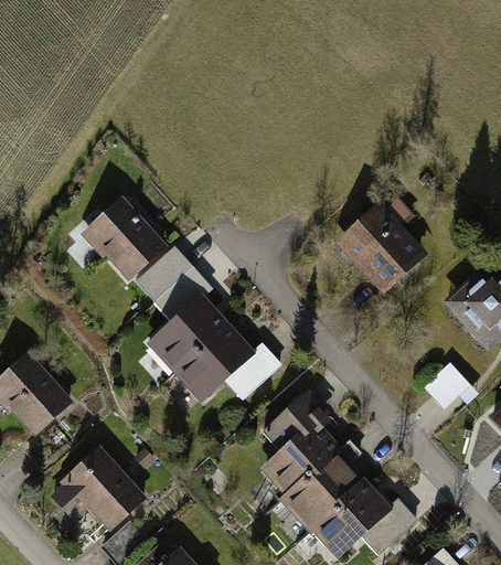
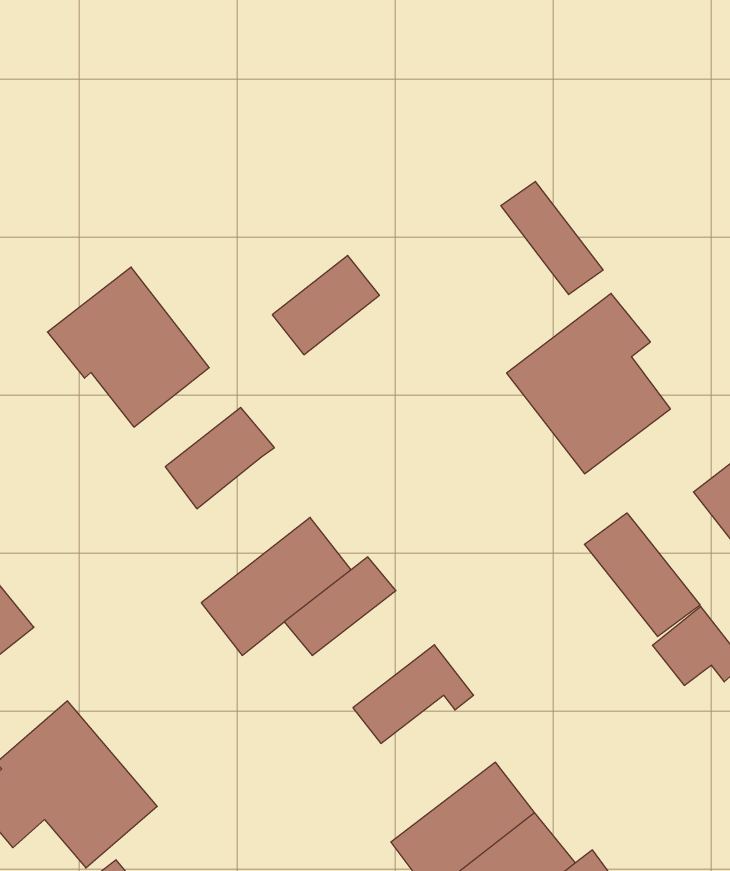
building: none -> [501,181,603,295]
building: [131,248,190,305] -> [272,255,379,355]
building: [146,296,232,379] -> none
building: none -> [584,513,700,637]
building: [256,422,342,504] -> none

